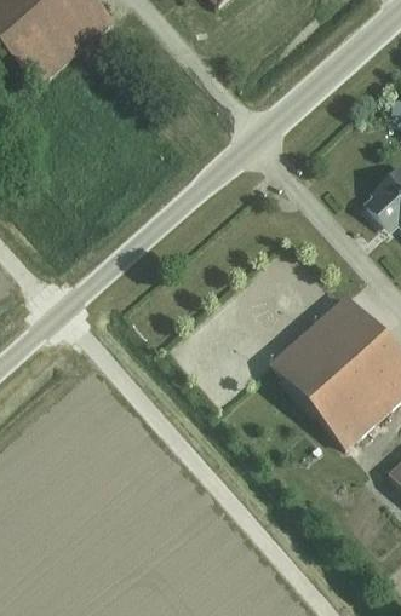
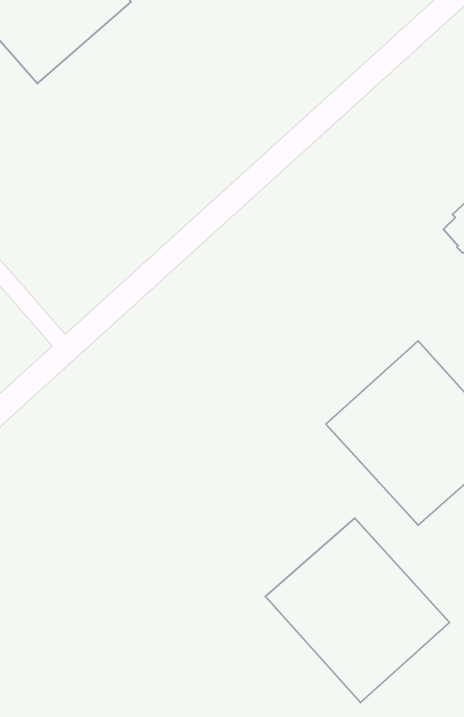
building: none -> [265,518,449,703]

